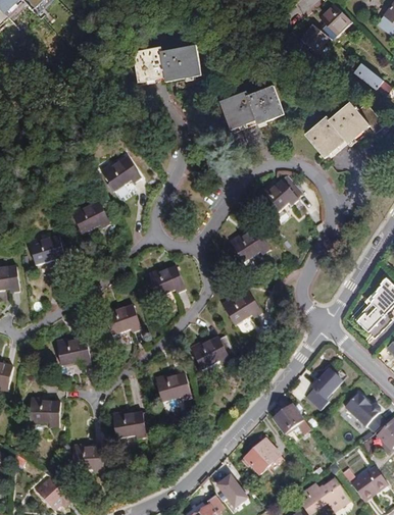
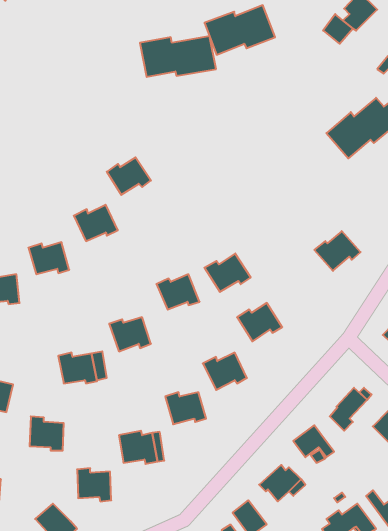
building: [218,84,284,130] -> [204,5,275,55]
building: [258,174,301,211] -> [314,231,361,271]
building: [228,226,270,262] -> [204,253,251,292]

